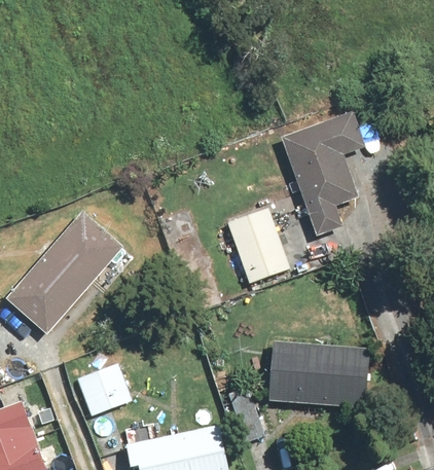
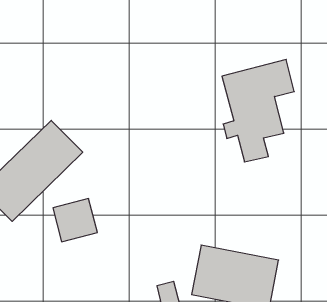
building: [226,208,288,282] -> none
building: [76,361,132,415] -> [53,199,97,242]

